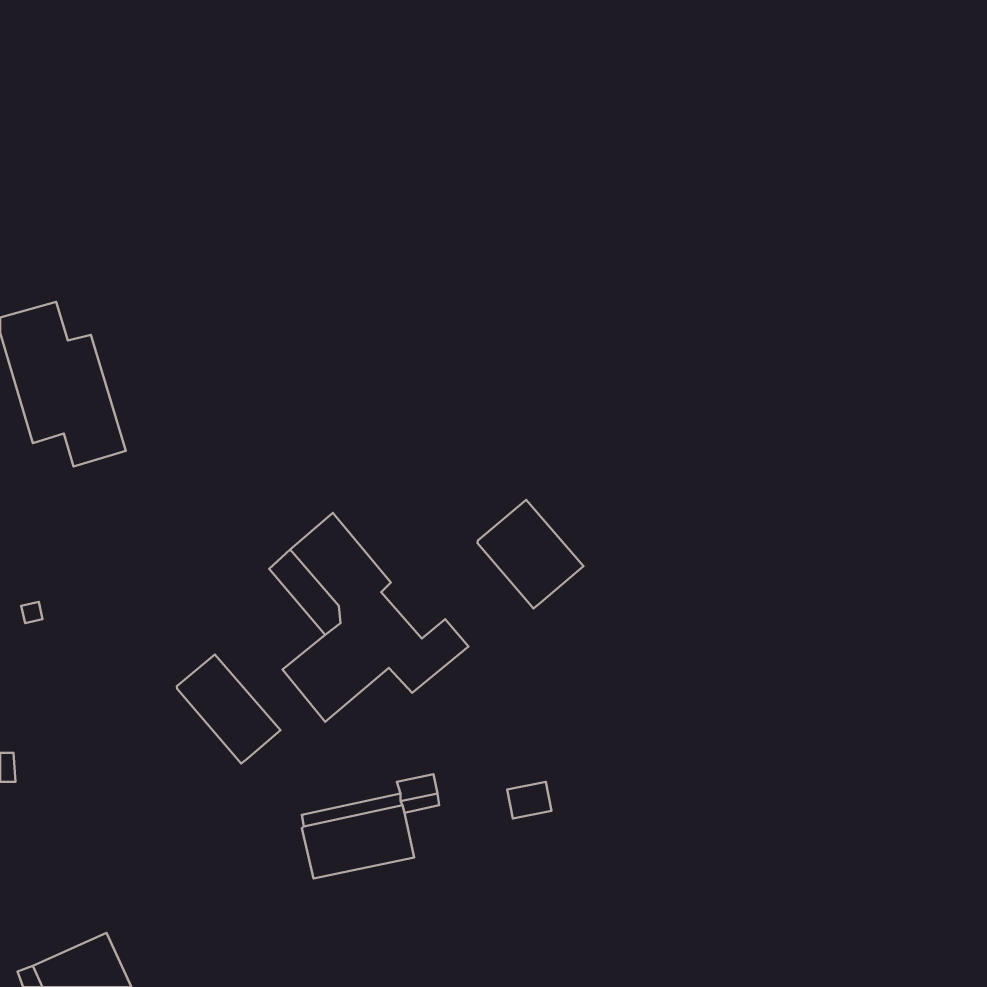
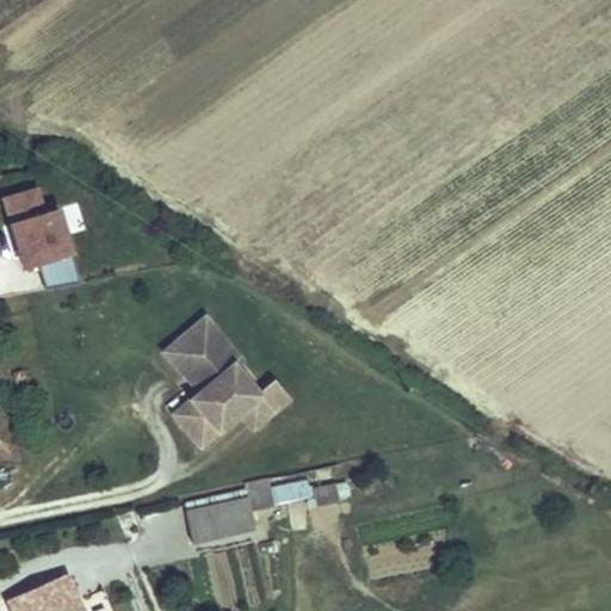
building: [478,500,583,608] -> none
building: [177,654,281,764] -> none

